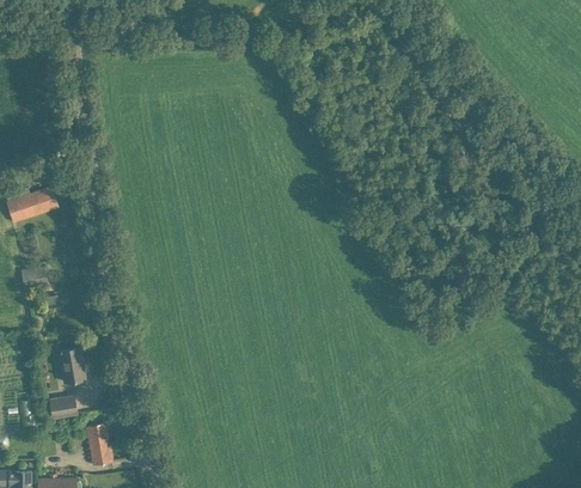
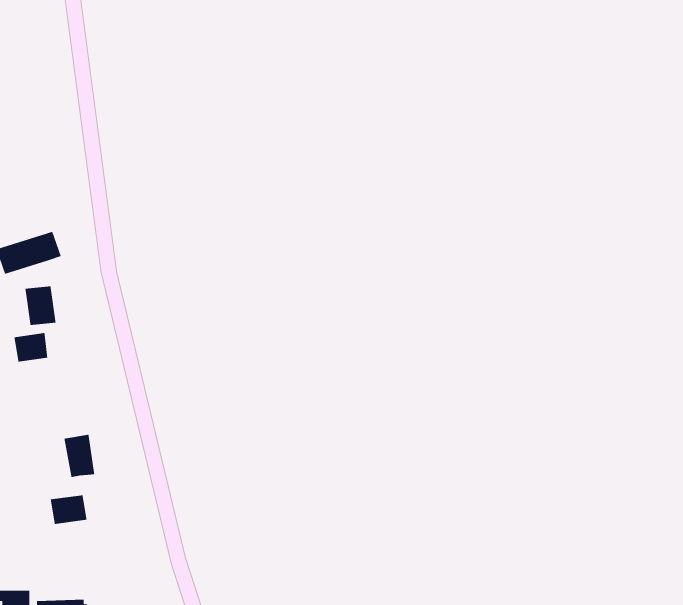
building: none -> [25,286,57,326]
building: [86,422,111,465] -> none

